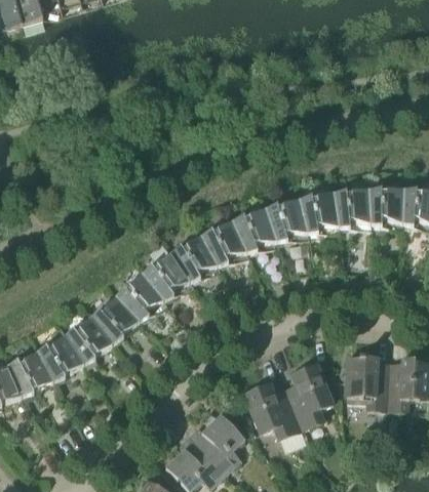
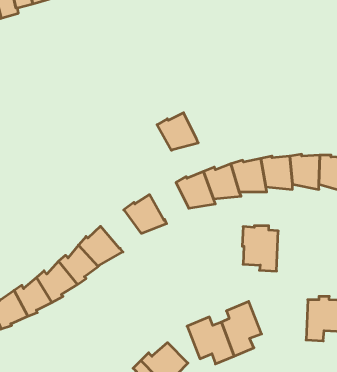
building: [199,220,248,265] -> [157,113,198,150]
building: [141,253,193,299] -> none
building: [346,355,389,409] -> [242,226,278,271]

